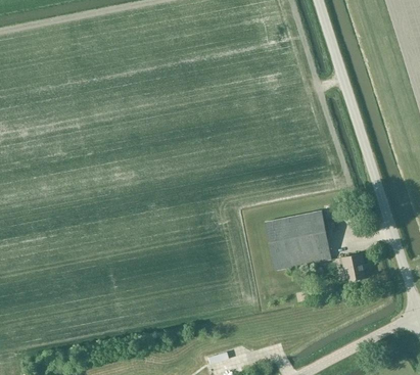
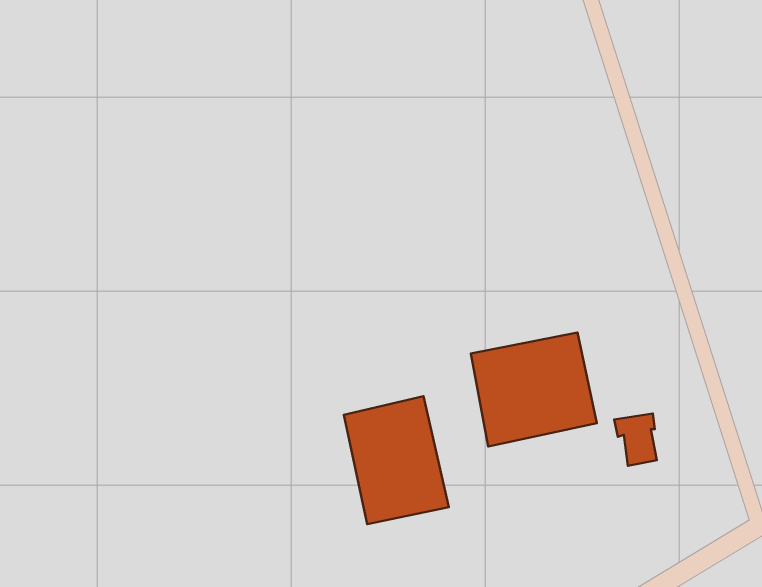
building: none -> [344,396,449,524]

